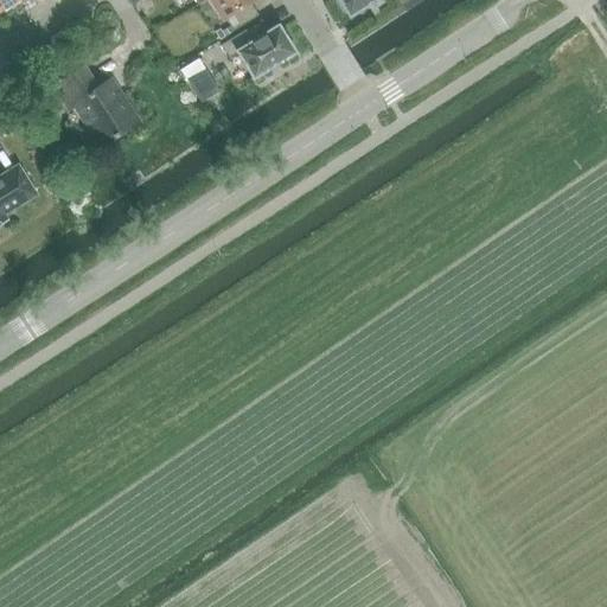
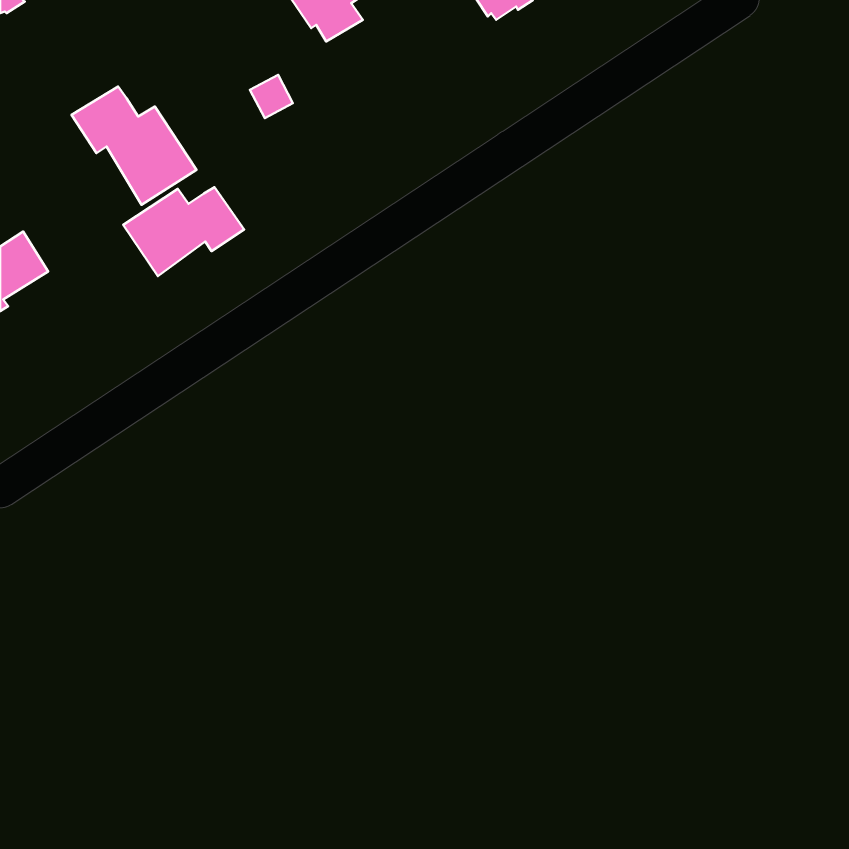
building: [222,18,294,76] -> none
building: none -> [123,187,244,276]

